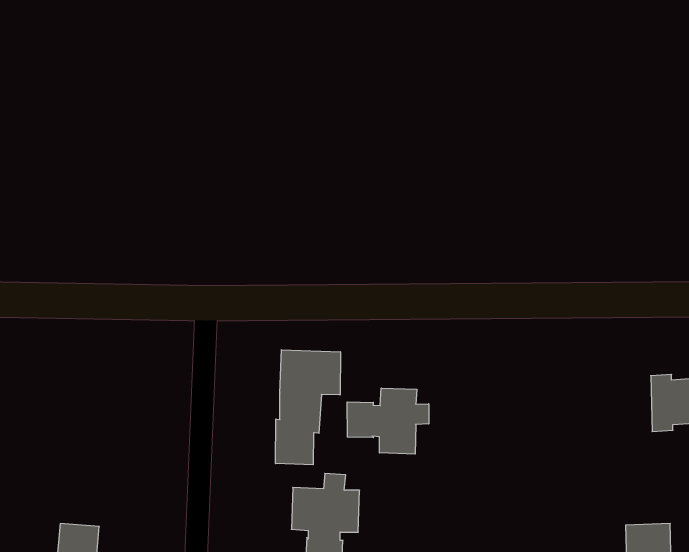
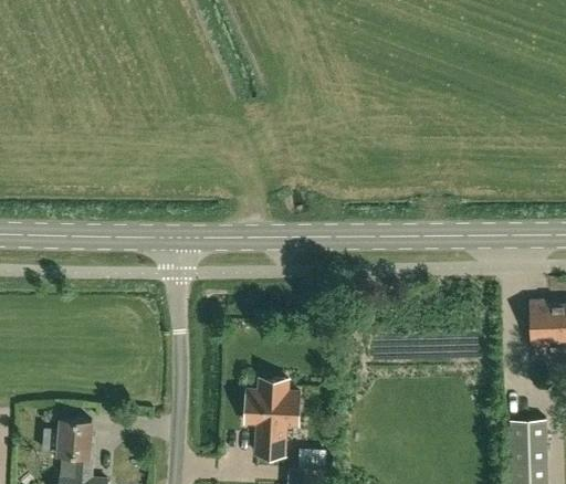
building: [276,350,340,465] -> none
building: [347,388,429,454] -> none

